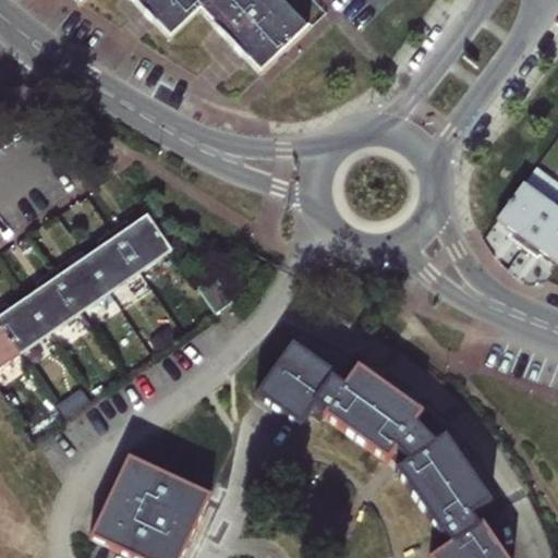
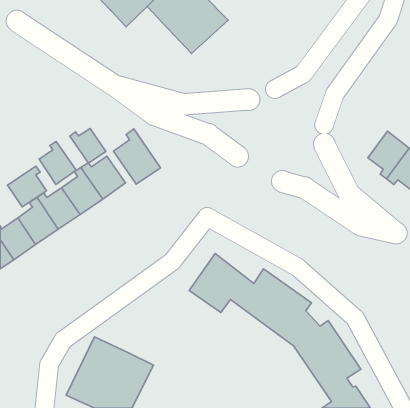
building: none -> [70,128,106,163]
building: none -> [113,129,161,184]
building: none -> [39,141,76,184]
building: none -> [7,166,46,207]

